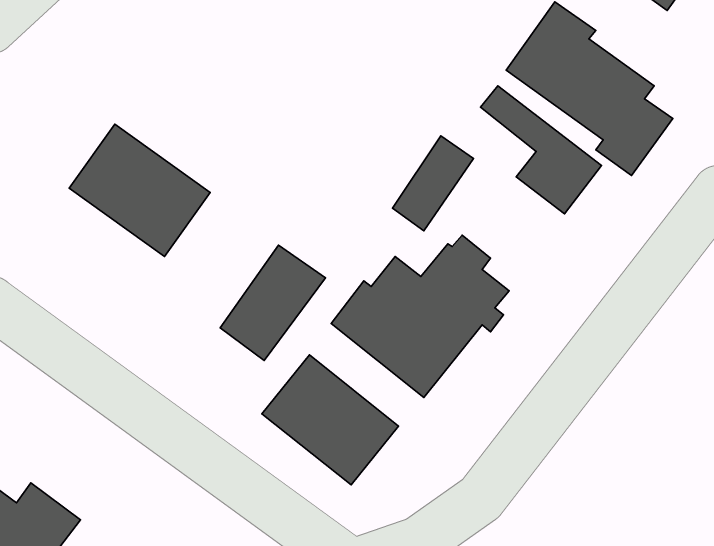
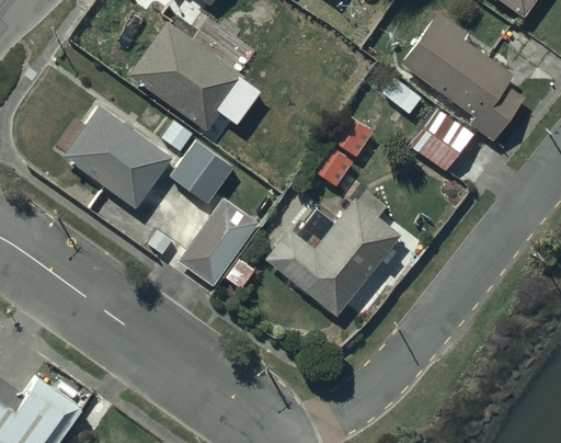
building: none -> [128,20,262,132]
building: none -> [170,140,234,204]
building: [262,355,399,485] -> none

